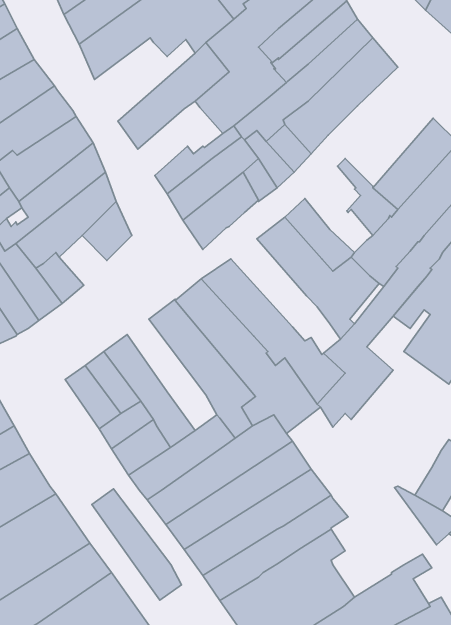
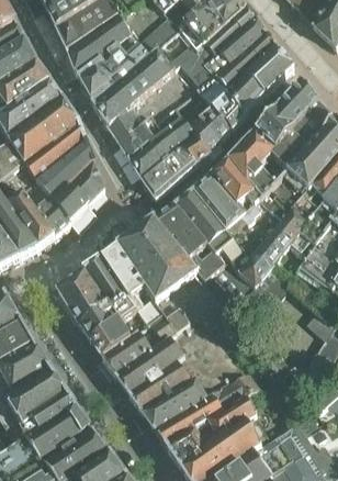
building: none -> [80,45,149,103]
building: none -> [256,82,318,150]
building: none -> [111,93,169,142]
building: none -> [227,135,275,197]
building: none -> [53,184,87,220]
building: none -> [174,187,252,269]
building: [92,489,182,600] -> [101,244,165,323]

